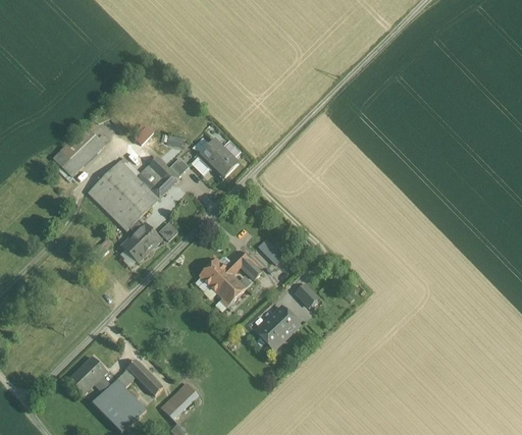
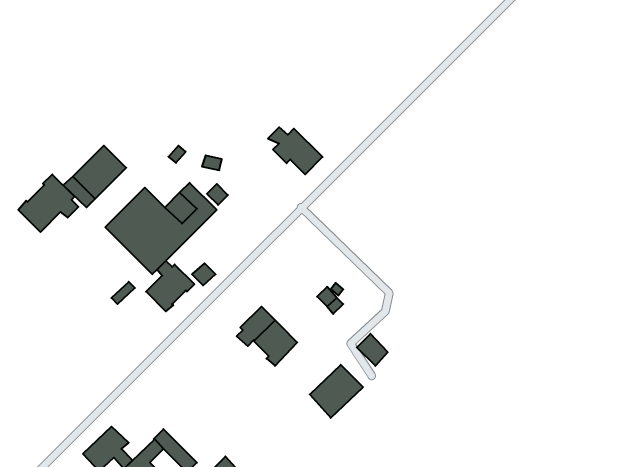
building: [194,138,239,176] -> [268,127,323,174]
building: none -> [18,174,78,232]
building: [225,250,262,278] -> none

